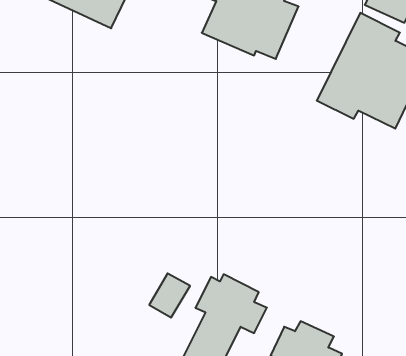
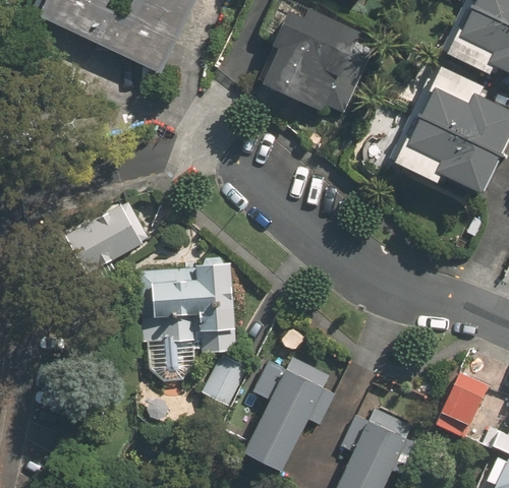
building: none -> [75,201,151,269]
building: none -> [142,256,239,380]
building: none -> [437,371,488,435]

